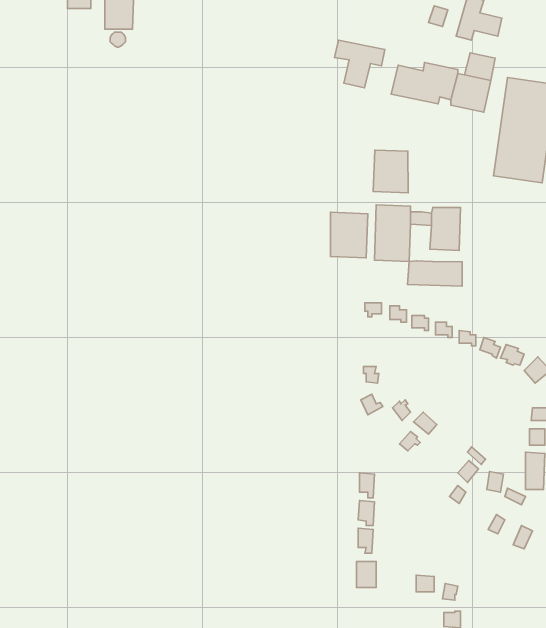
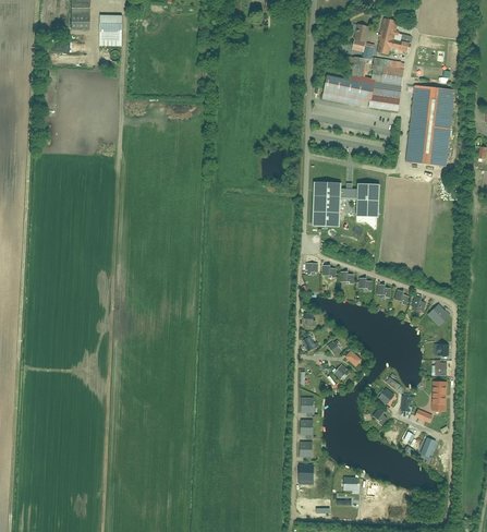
building: [335,40,385,88] -> none
building: [373,150,408,193] -> none
building: [331,212,368,258] -> none
building: [407,261,462,286] -> none

